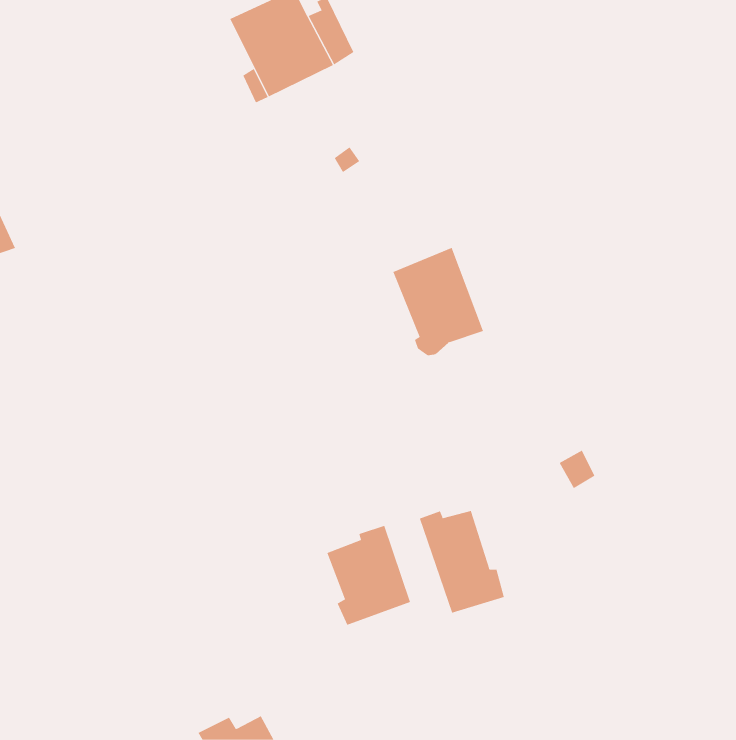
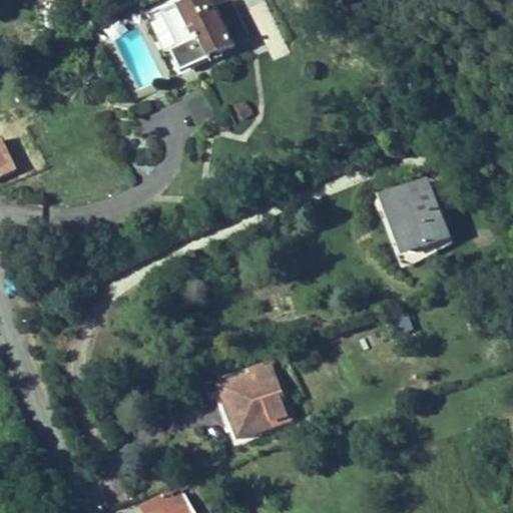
building: [393,247,484,356] -> [383,179,446,254]
building: [419,510,504,613] -> none

